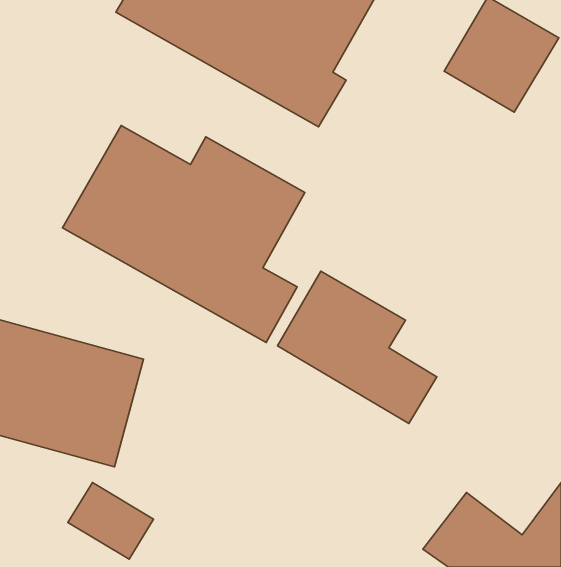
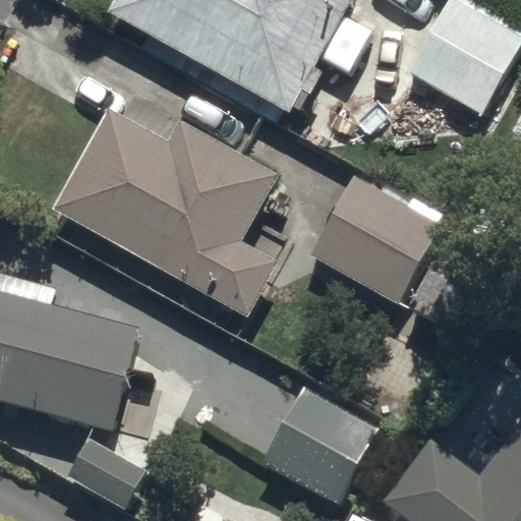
building: [278,271,437,424] -> [320,184,465,324]
building: none -> [274,401,380,501]

